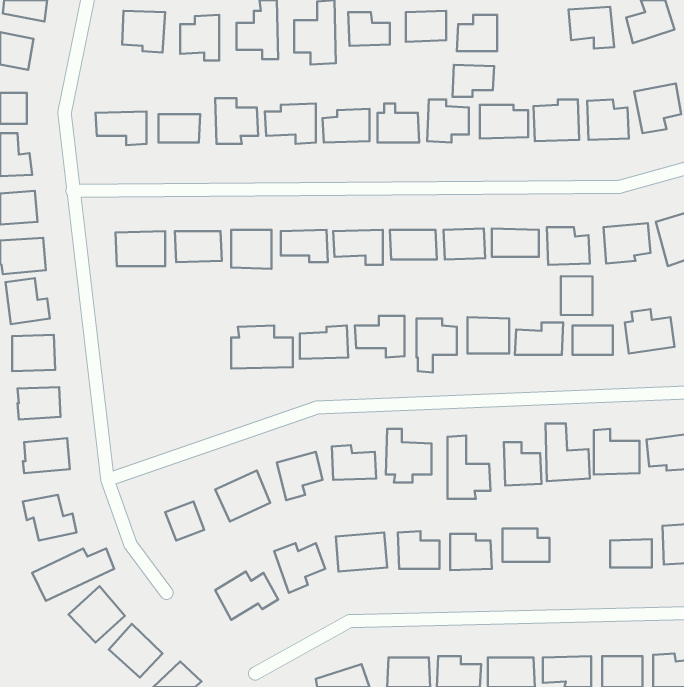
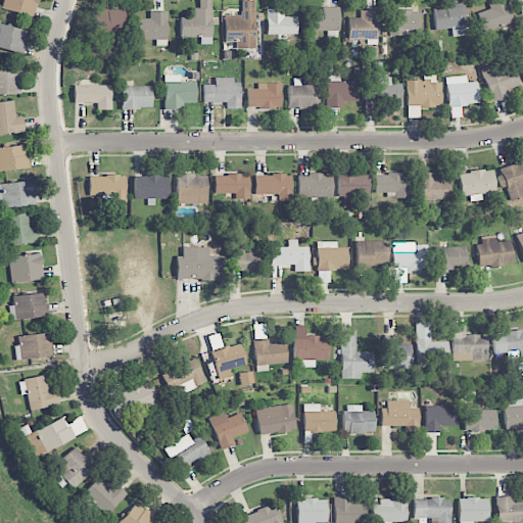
building: [452,65,494,97] -> [391,11,423,36]
building: [561,276,592,315] -> none
building: none -> [426,406,459,433]

